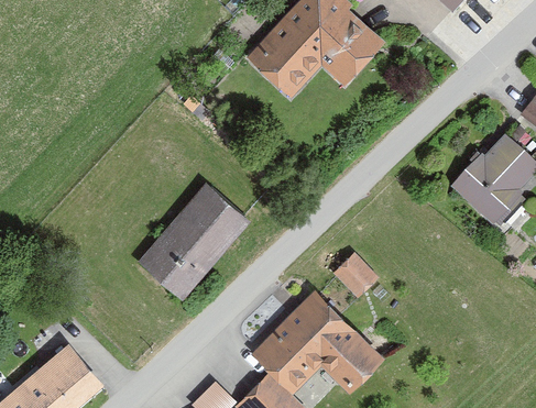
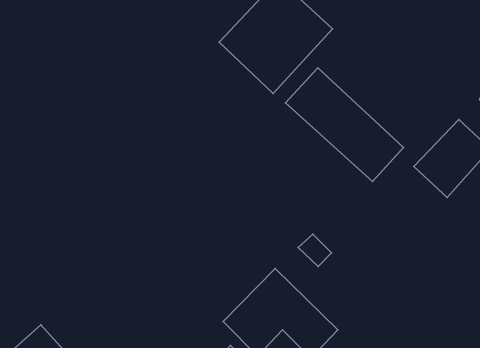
building: none -> [286,68,404,182]
building: [145,189,242,291] -> none

